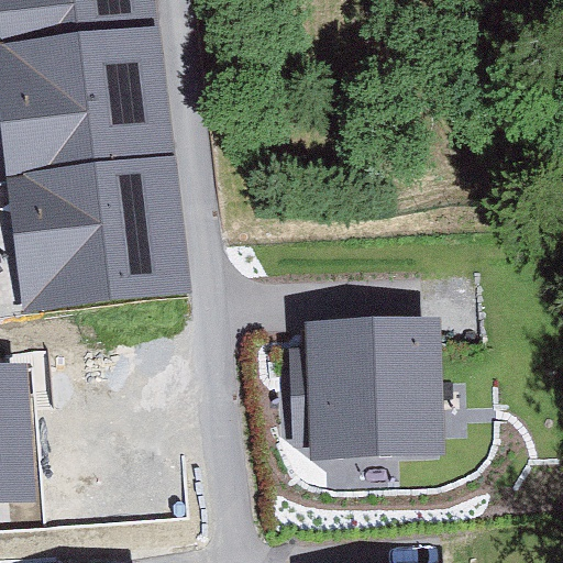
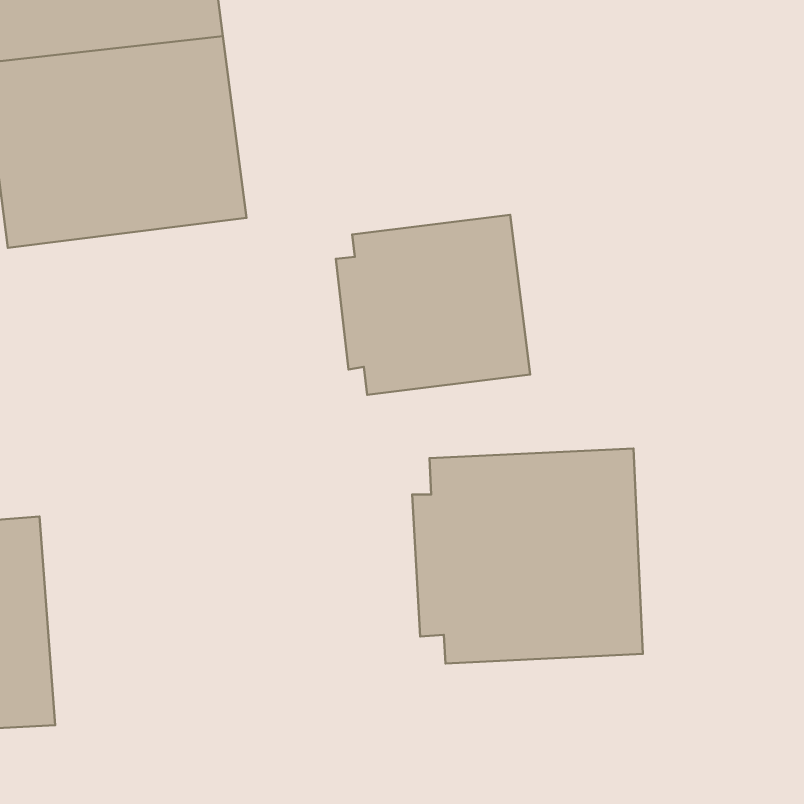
building: none -> [336,215,530,395]
building: [5,152,188,310] -> none

